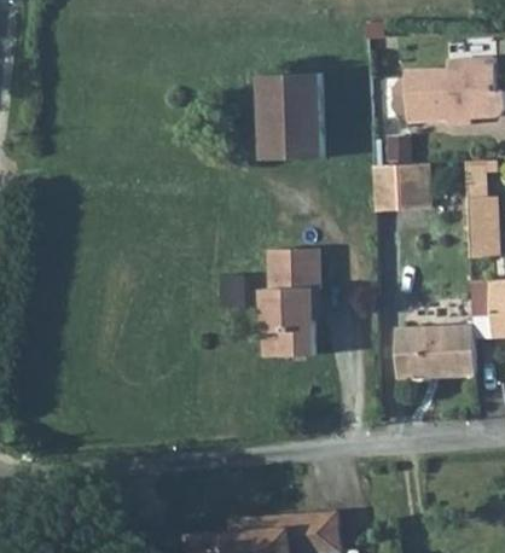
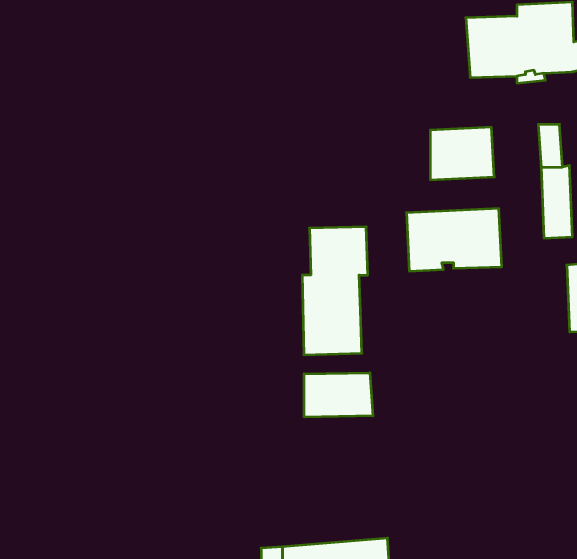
building: [261,72,324,159] -> none
building: [395,325,476,378] -> [406,209,502,271]
building: none -> [304,373,373,417]

